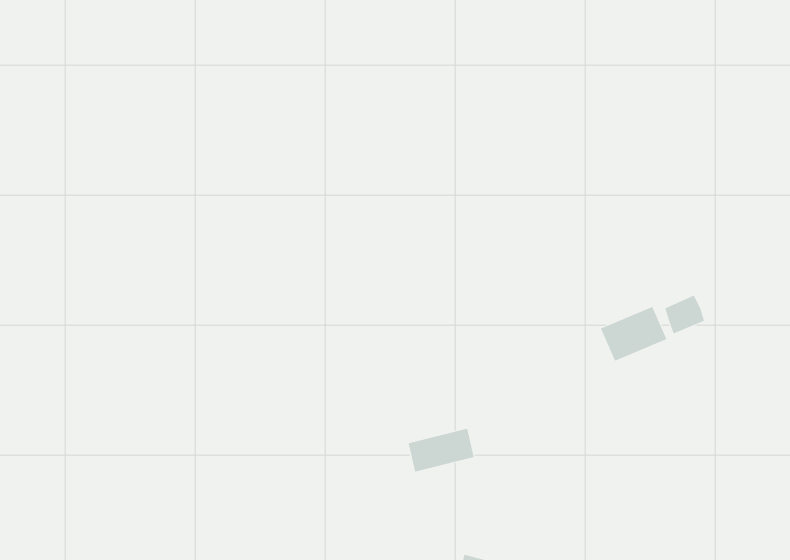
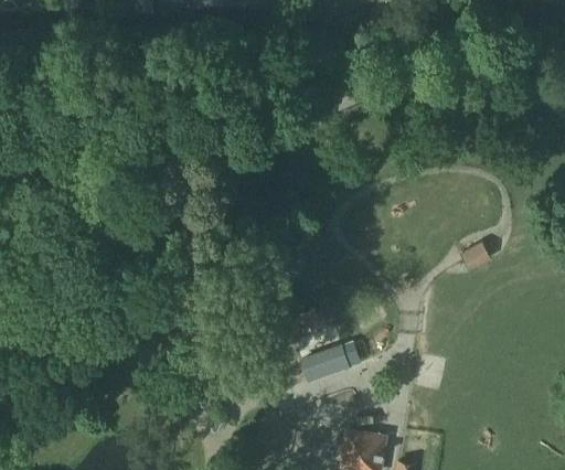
building: [600,306,667,362] -> none

